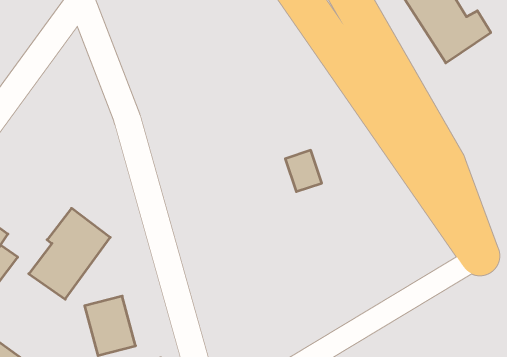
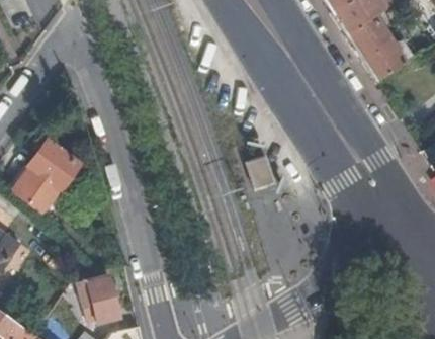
building: [29,208,110,299] -> [12,139,80,215]

